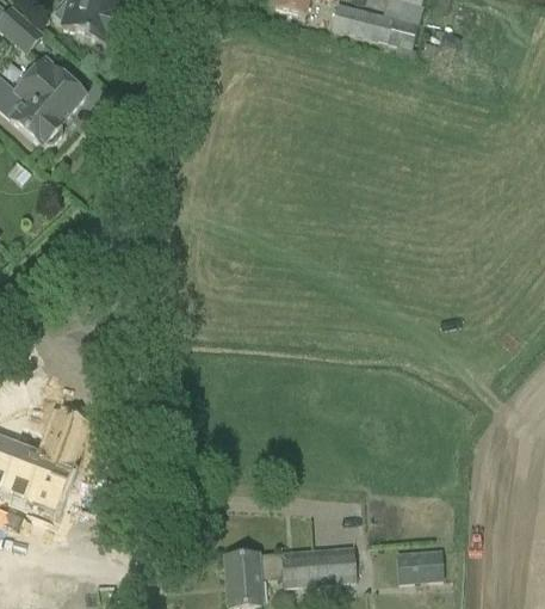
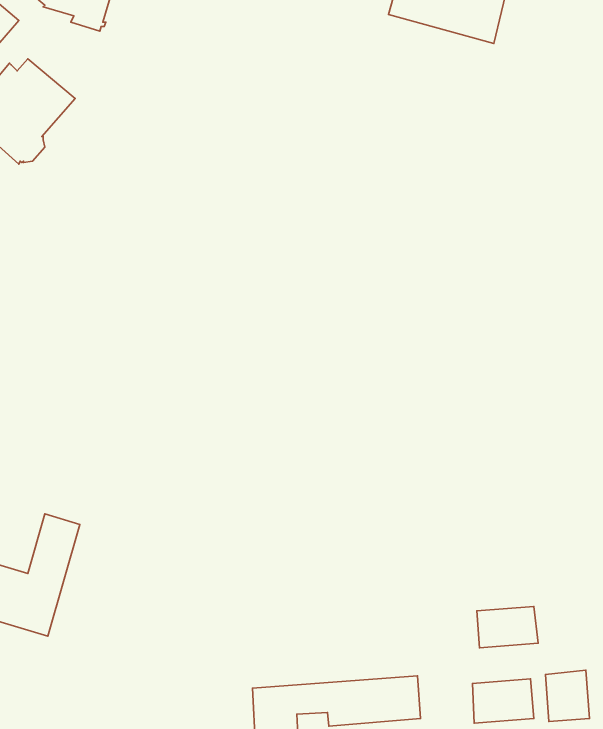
building: none -> [477,606,538,648]
building: none -> [545,670,590,722]

